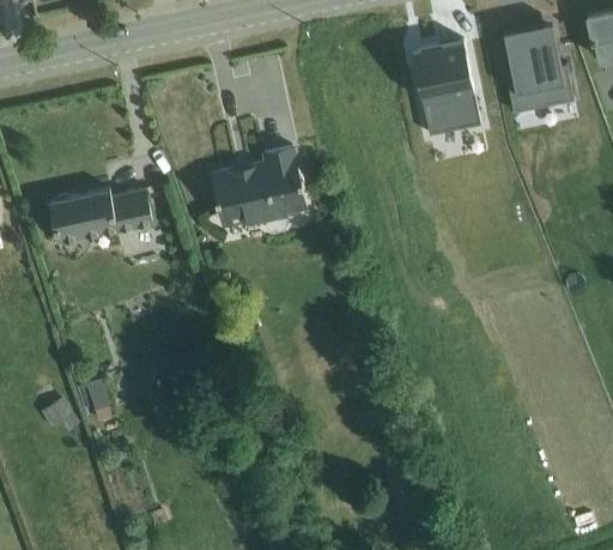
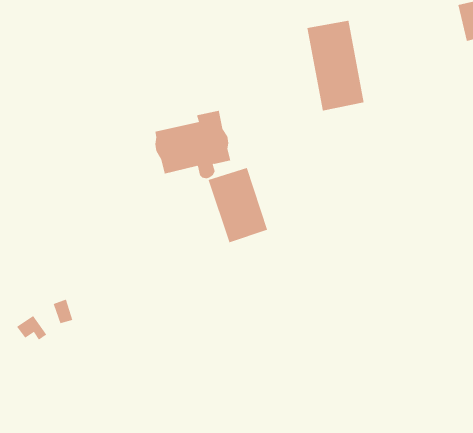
building: [491,20,566,109] -> none
building: [54,187,158,241] -> none
building: none -> [208,167,268,243]

